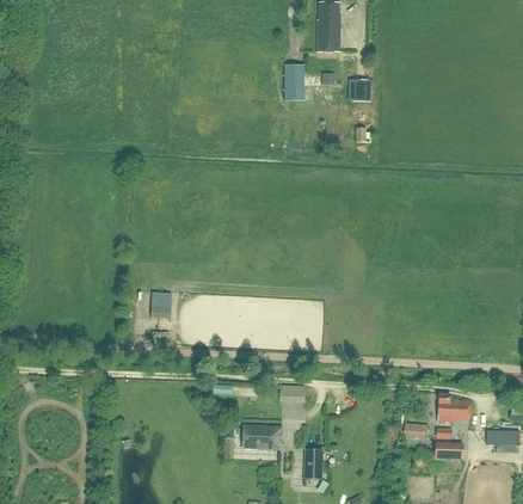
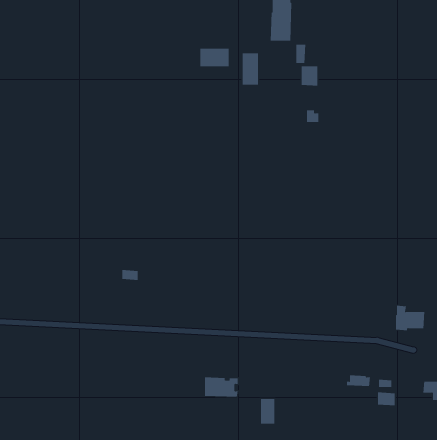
building: none -> [200,48,229,67]
building: [437,392,470,420] -> [395,305,425,331]

